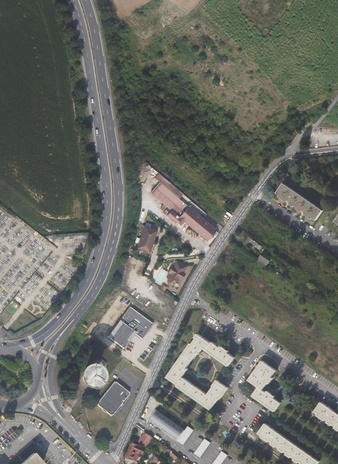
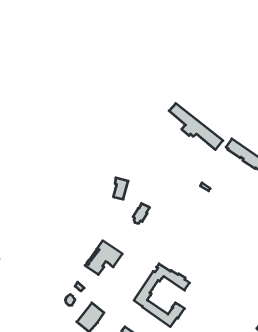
building: [149,183,214,239] -> [169,103,223,150]
building: [247,360,279,411] -> none

